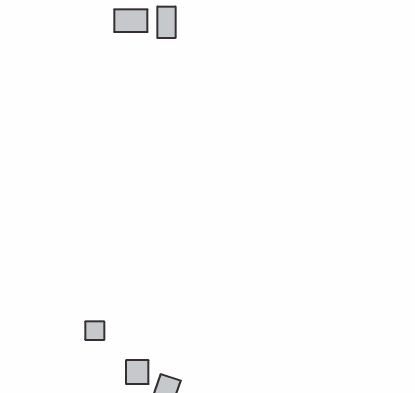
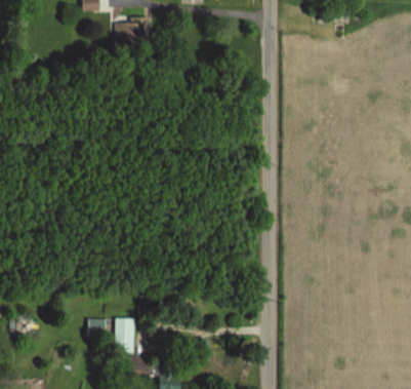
building: [157,6,175,38] -> none
building: none -> [117,317,136,352]

